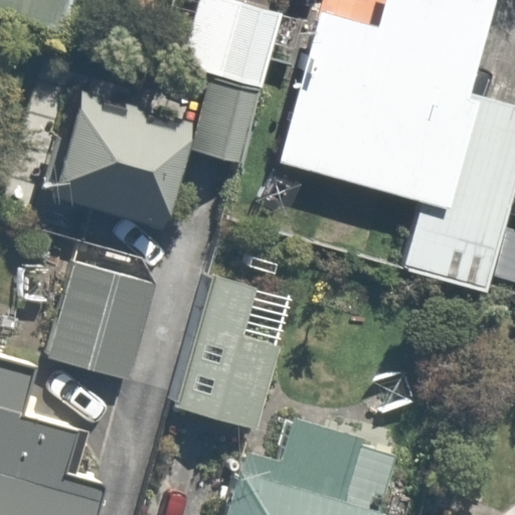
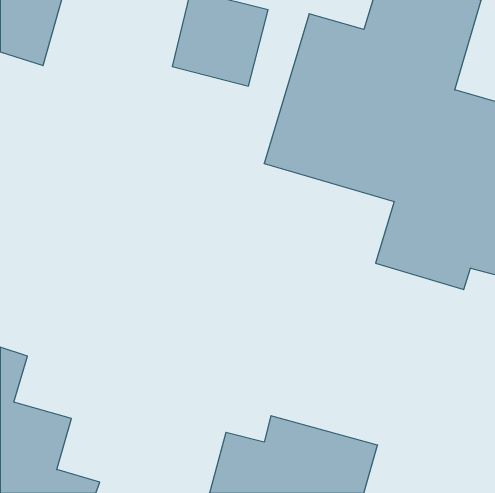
building: [39,94,200,228] -> none
building: [44,245,171,375] -> none
building: [163,267,296,431] -> none

